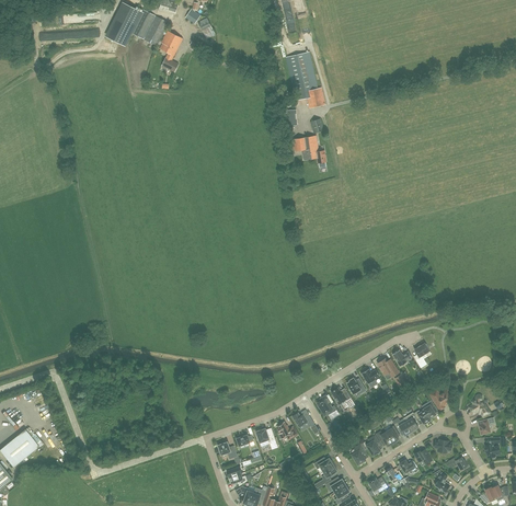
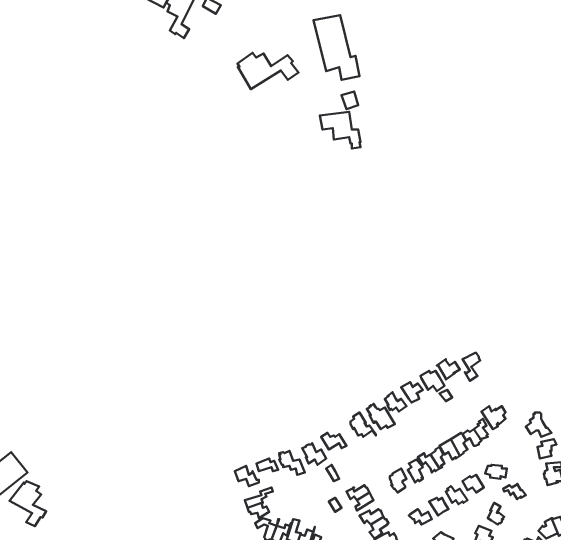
building: none -> [238,53,298,89]
building: none -> [9,481,46,526]

